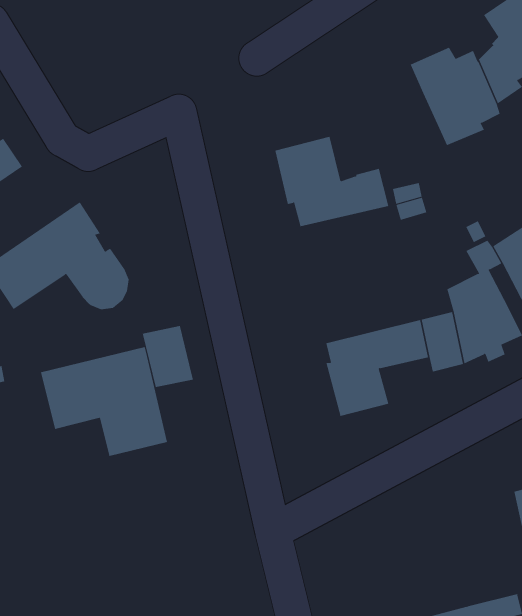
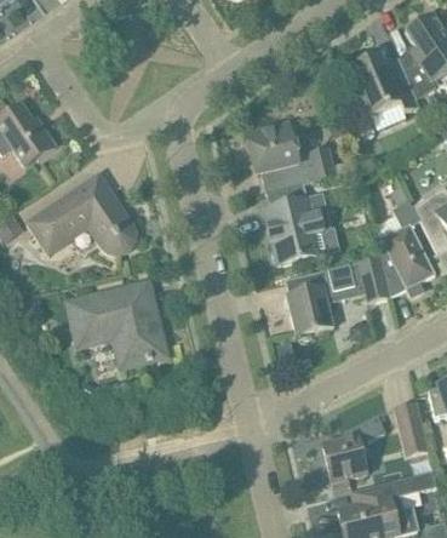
building: none -> [265,193,325,263]
building: [142,325,193,388] -> none
building: none -> [394,401,429,453]
building: none -> [322,414,386,480]

